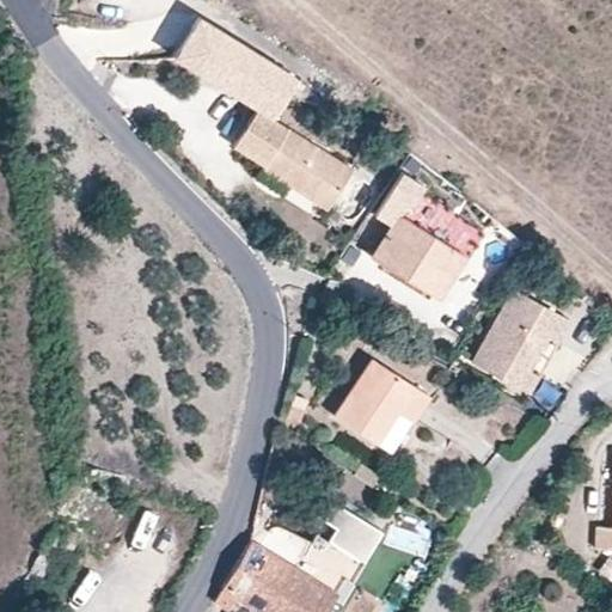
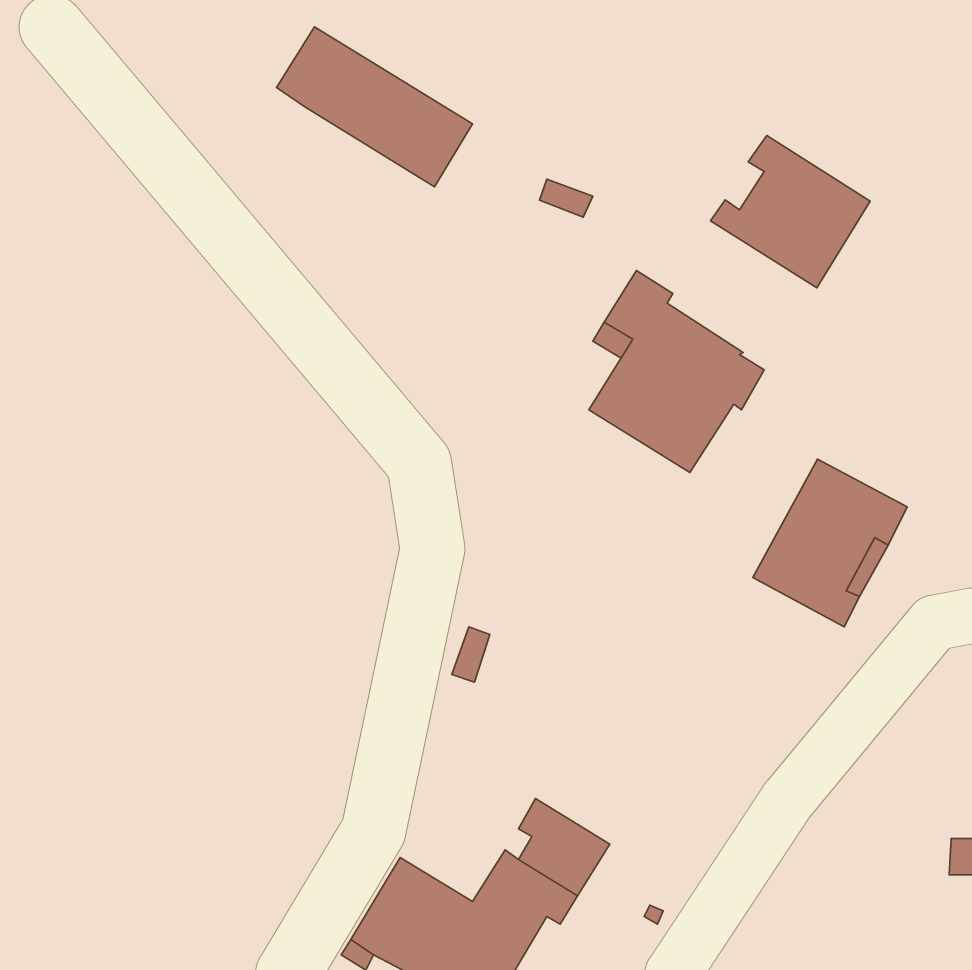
building: none -> [710,136,870,288]
building: [234,110,354,210] -> none
building: [335,359,430,454] -> none

